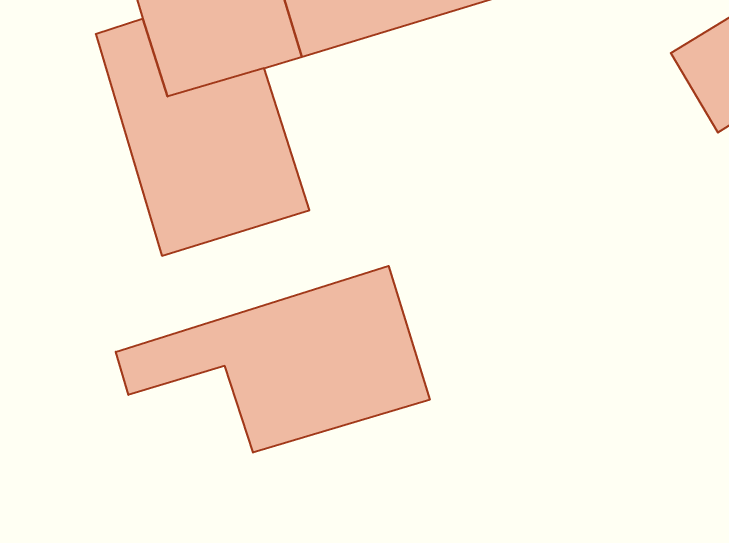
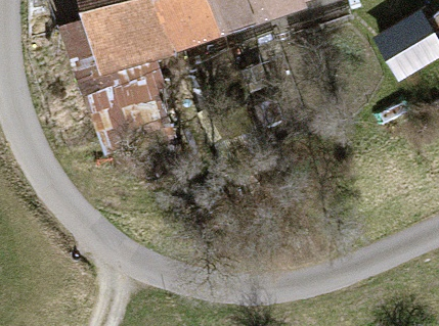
building: [116,266,430,453] -> none

